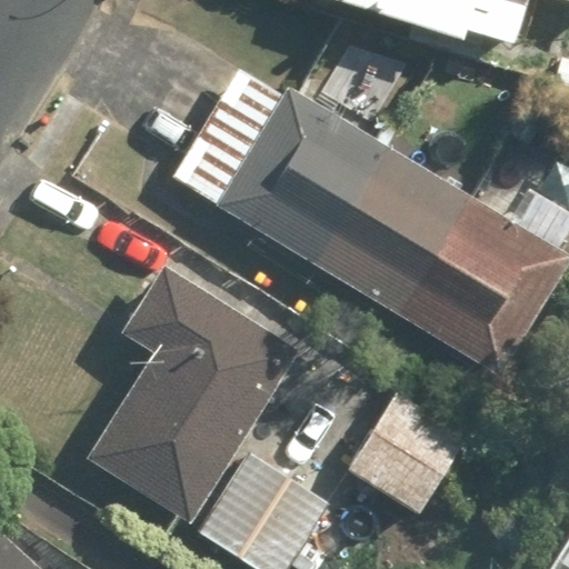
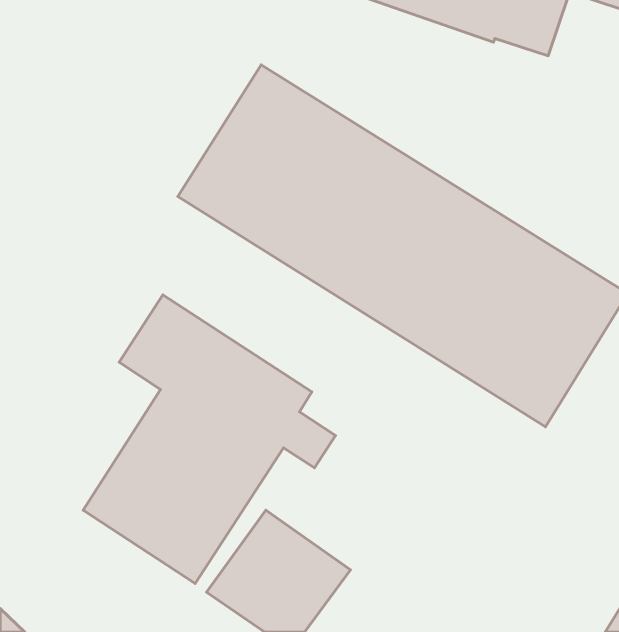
building: [347,390,469,512] -> none

